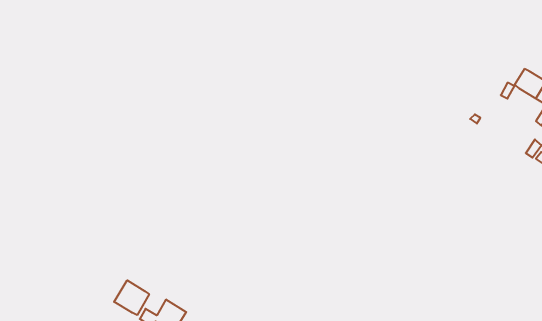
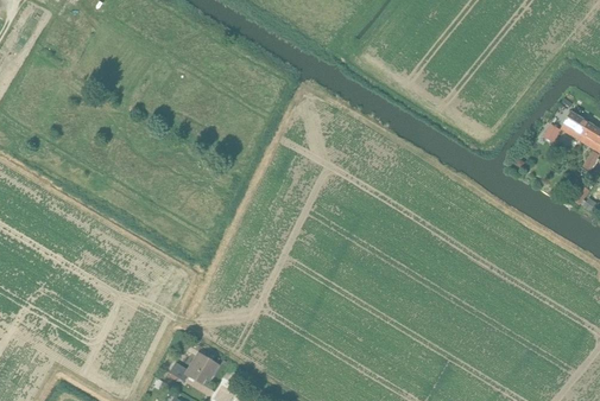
building: [114,280,149,315] -> none

